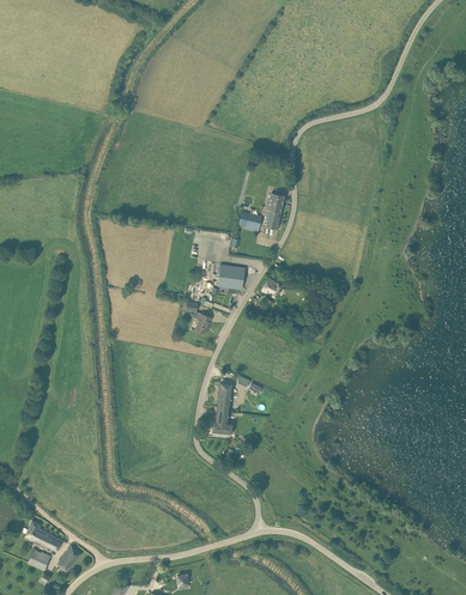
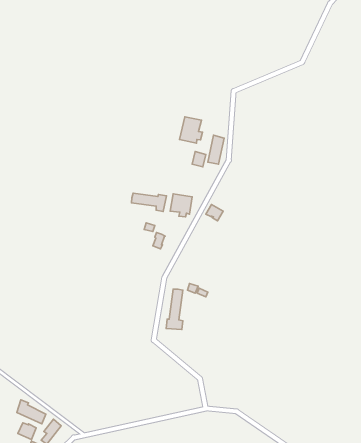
building: none -> [180,117,202,143]
building: none -> [131,193,166,211]

